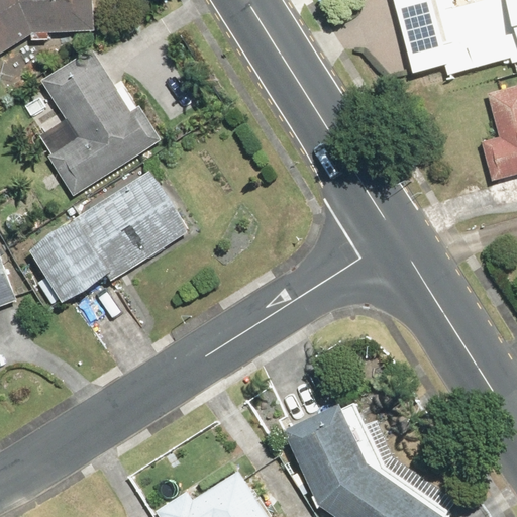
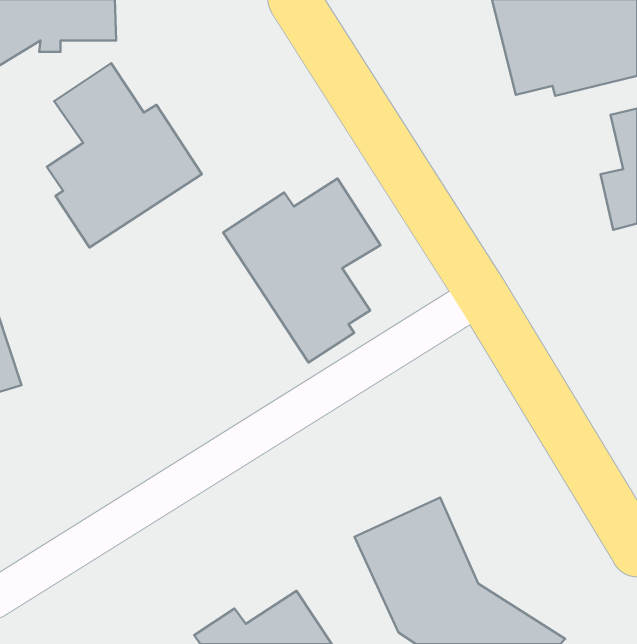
building: none -> [223,179,381,363]
building: [31,169,189,306] -> none

